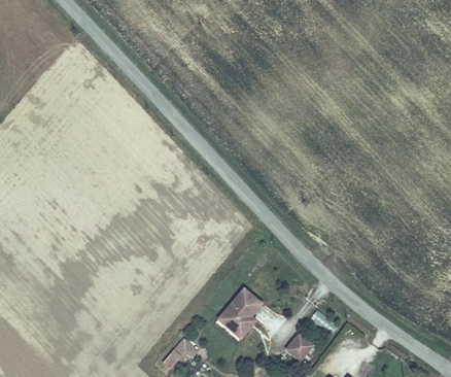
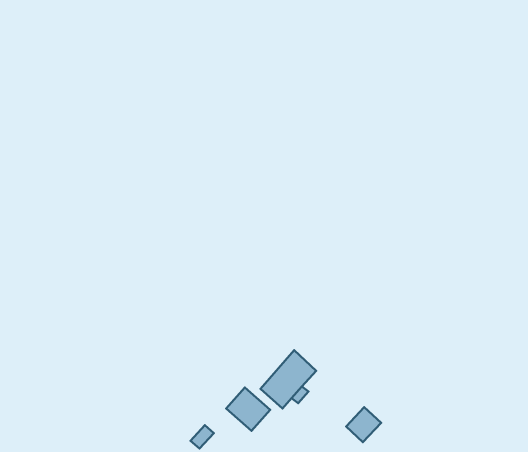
building: none -> [226,387,270,431]

